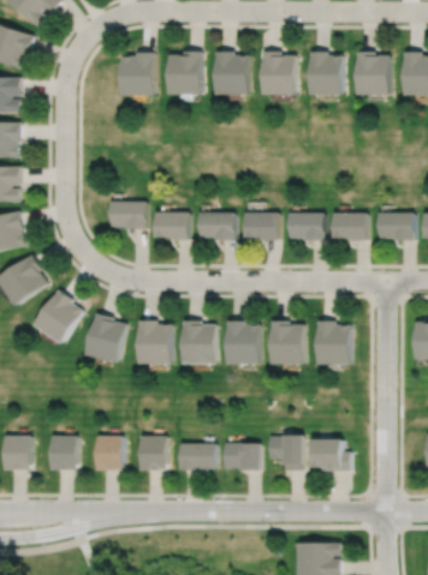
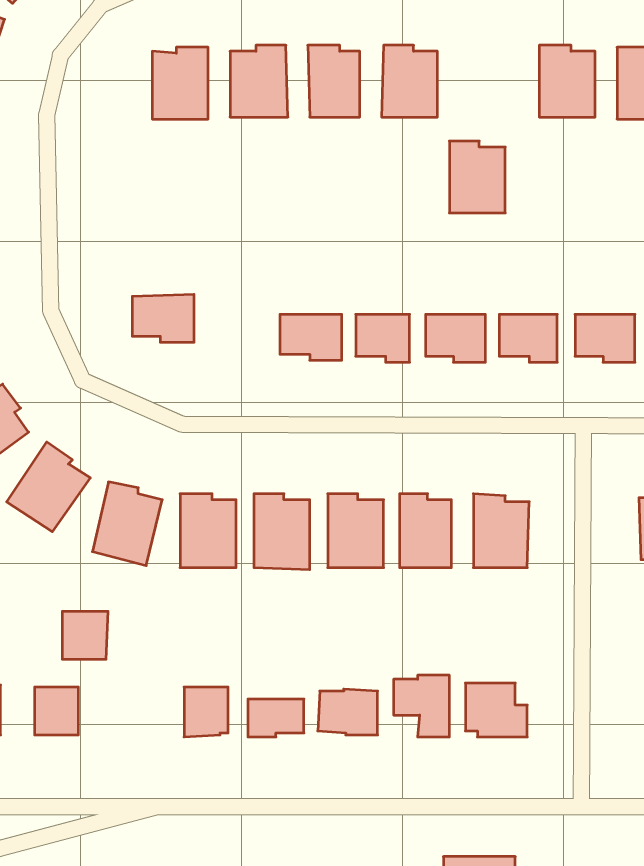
building: [309,52,343,95] -> [449,141,505,213]
building: [155,212,191,241] -> none
building: [97,438,125,467] -> [62,611,108,659]

